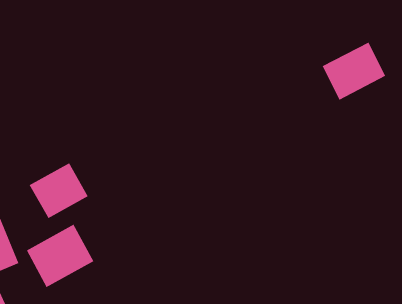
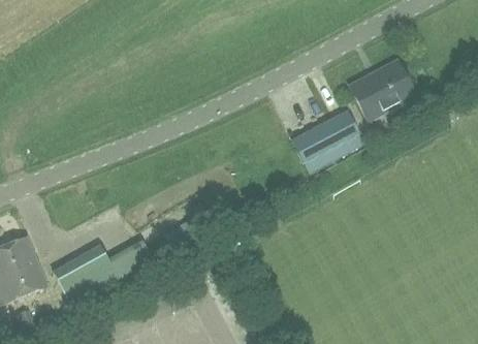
building: none -> [292,110,363,170]
building: [29,162,89,219] -> none

